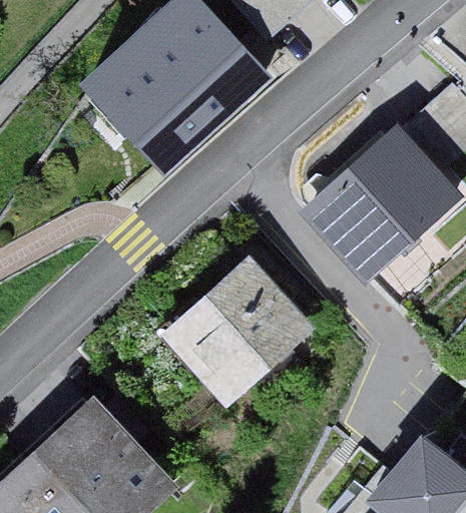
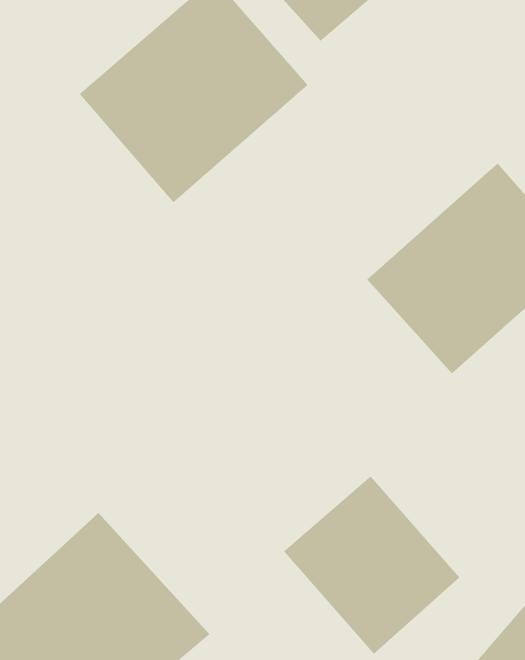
building: [159,255,315,408] -> none
building: none -> [283,475,460,654]

